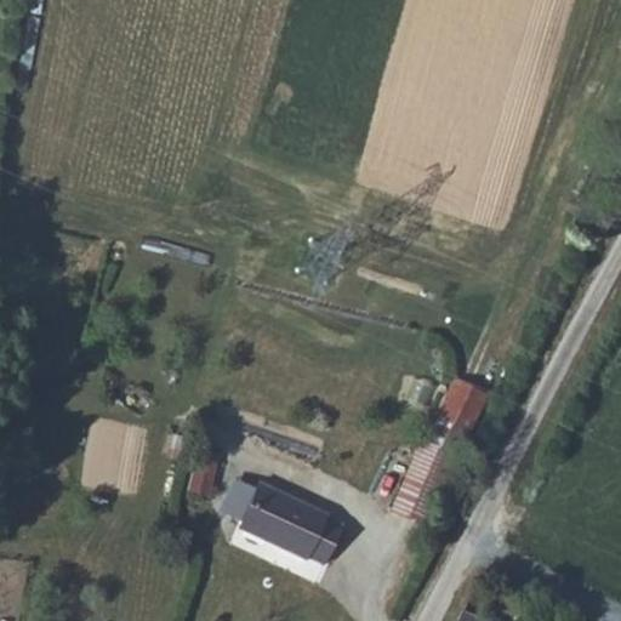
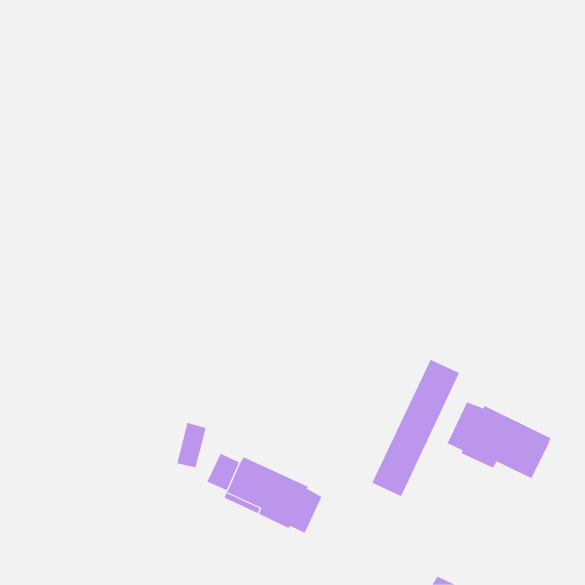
building: none -> [447,401,551,479]

